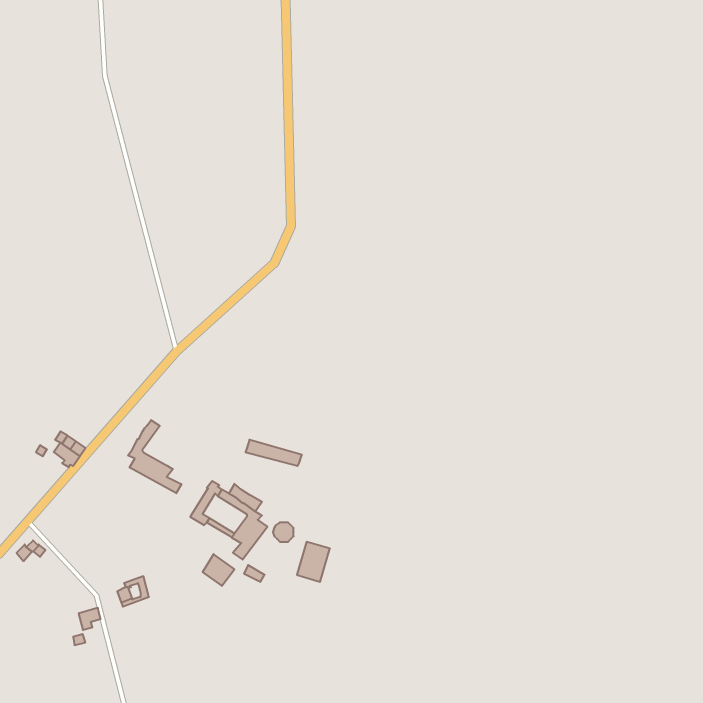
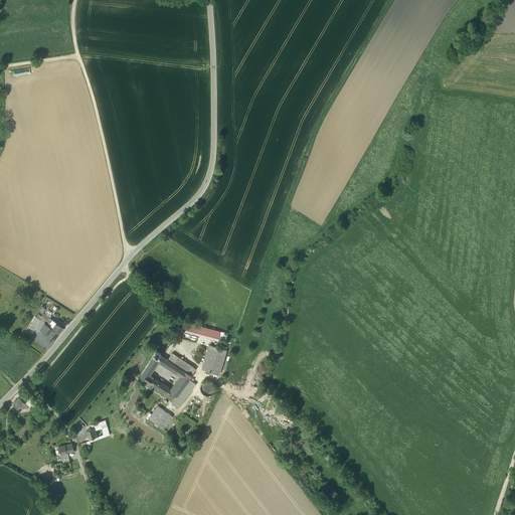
building: [128,420,181,493] -> none
building: [297,542,330,582] -> [201,346,225,375]

